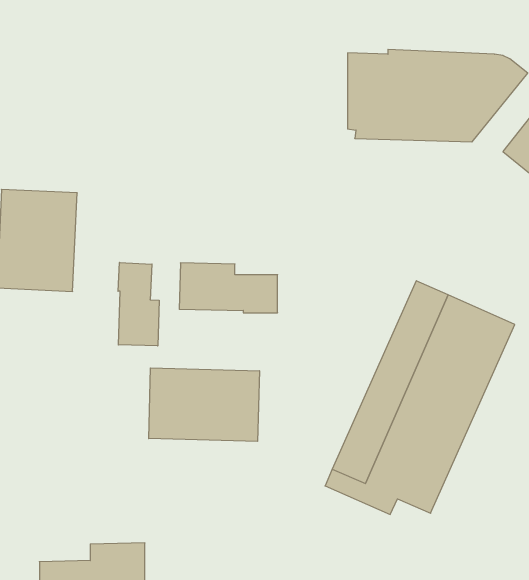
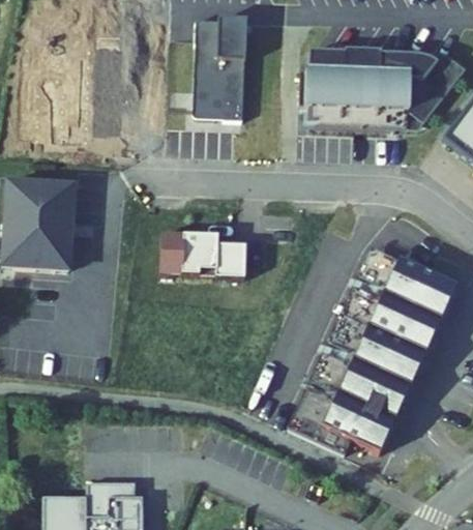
building: none -> [193,16,246,117]
building: [118,262,159,346] -> none
building: [149,368,259,441] -> none

